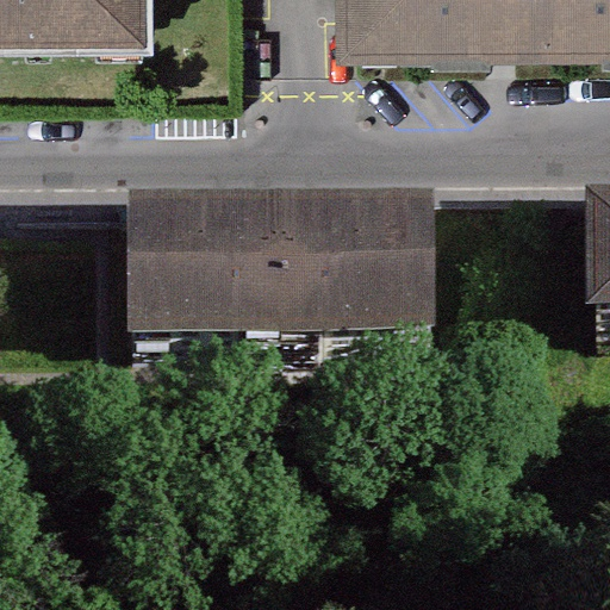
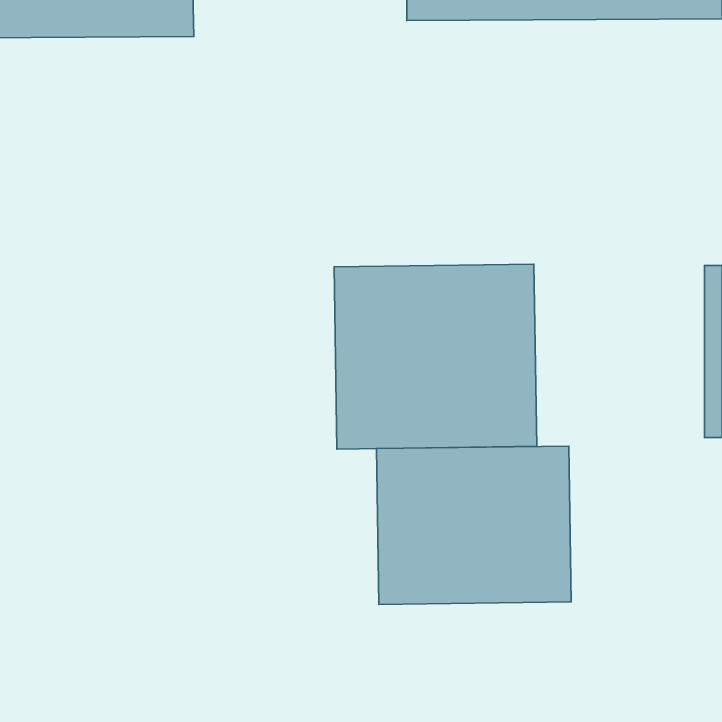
building: [131,218,275,369] -> none
building: none -> [377,446,571,604]

